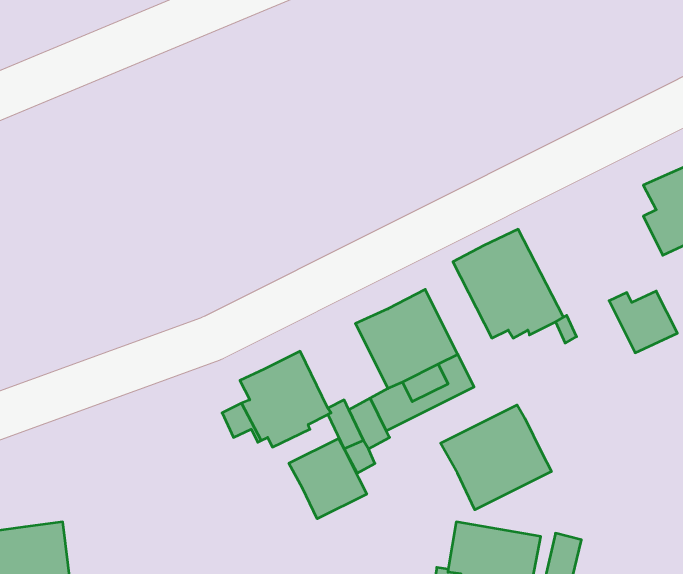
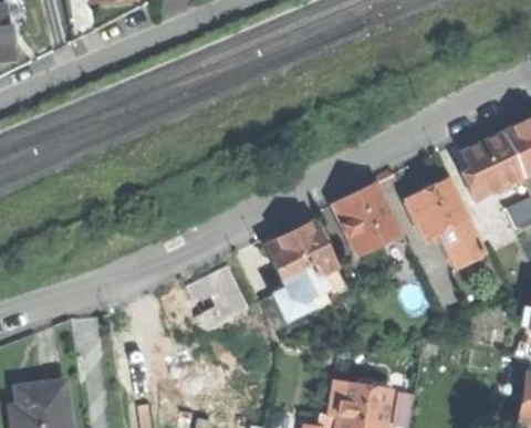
building: none -> [406,179,469,237]
building: [441,405,551,510] -> none
building: [289,439,367,519] -> none

